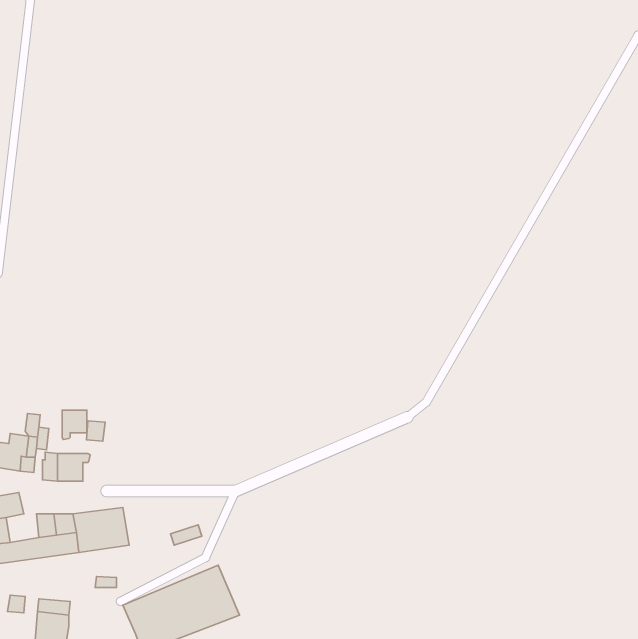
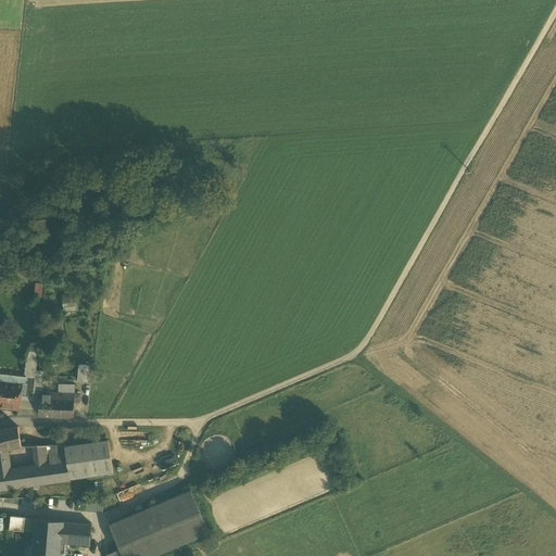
building: [62,410,87,440] -> none
building: none -> [60,522,89,546]

